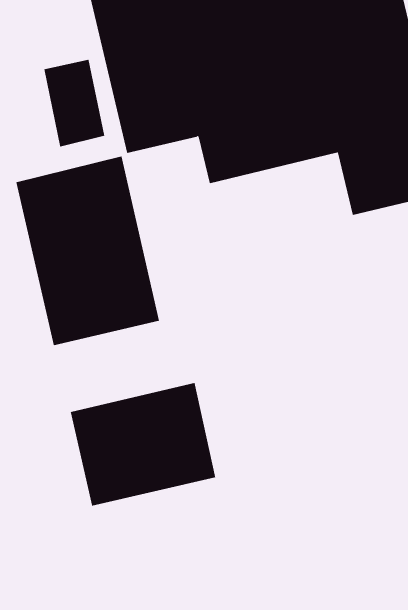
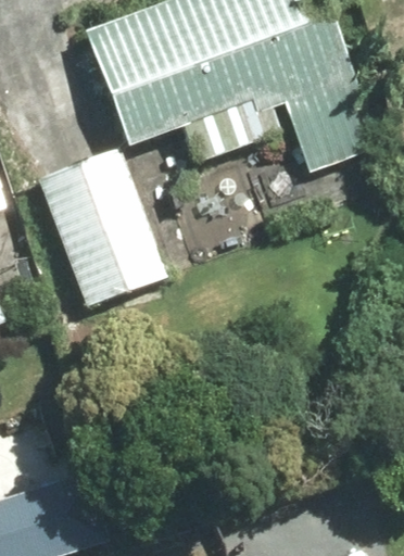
building: [70,382,216,507] -> none

